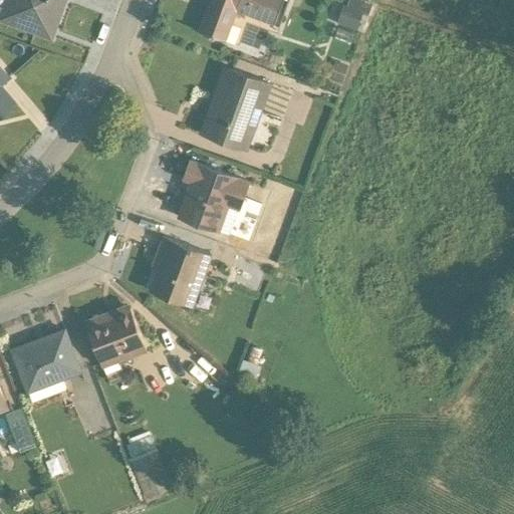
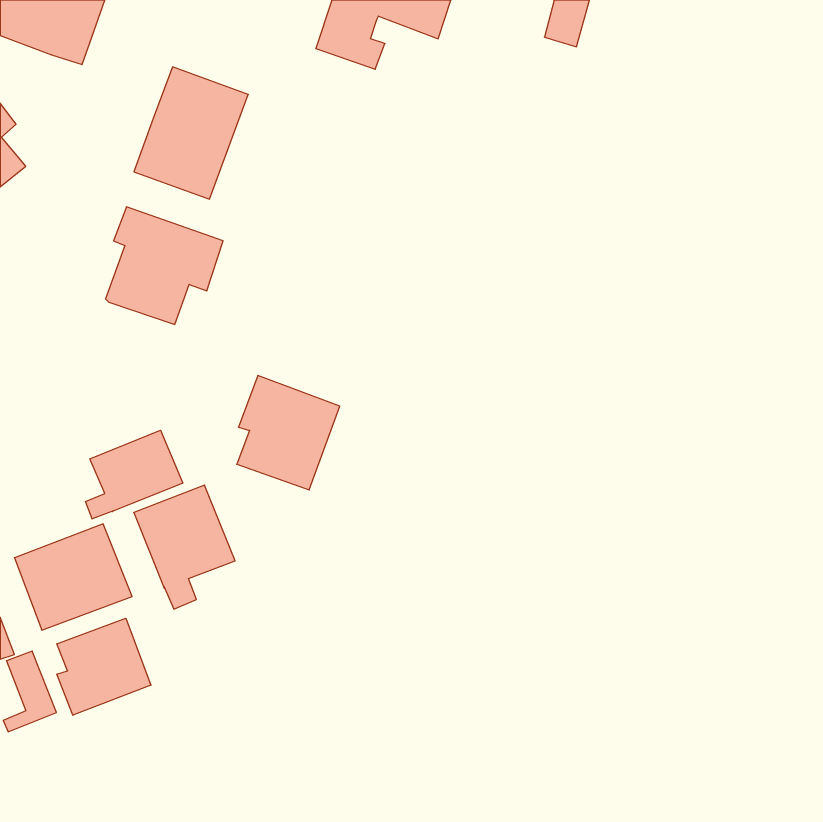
building: [200,67,271,150] -> [134,67,248,199]
building: [176,159,249,232] -> [106,207,223,325]
building: none -> [86,430,183,519]
building: none -> [57,618,151,715]

